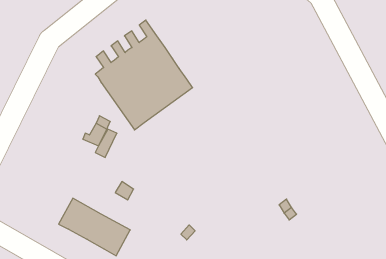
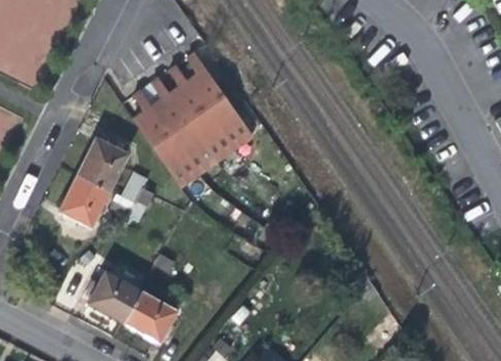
building: none -> [59,139,127,228]

